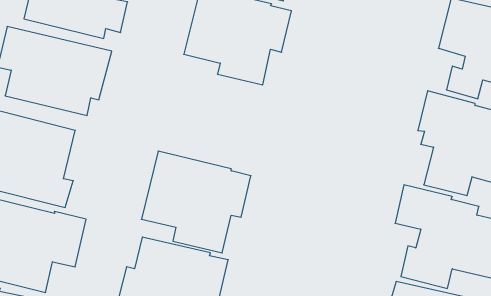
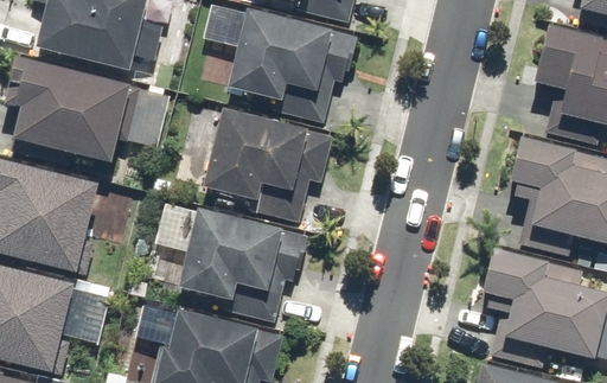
building: none -> [204,107,331,225]

